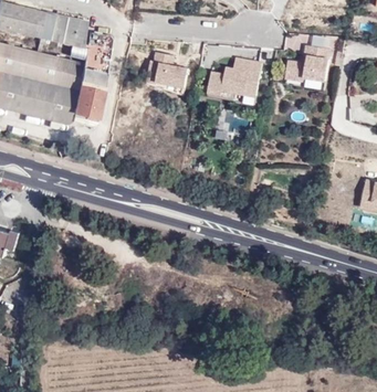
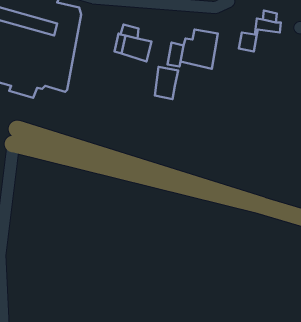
building: [301,56,329,86] -> none
building: none -> [155,67,178,99]

